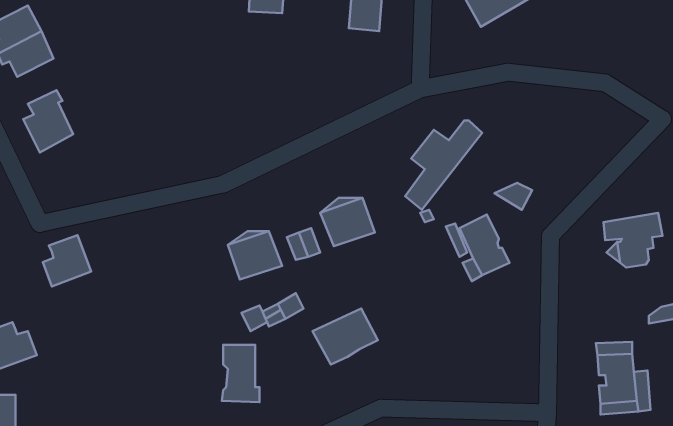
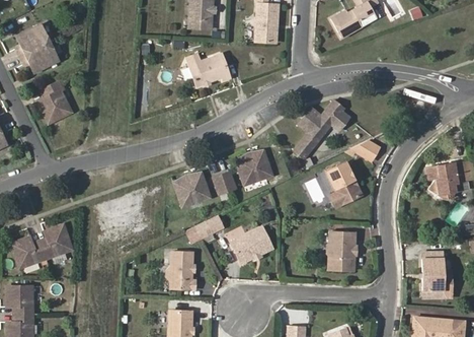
building: none -> [187,52,230,86]
building: [43,235,91,287] -> [41,224,73,259]
building: none -> [328,232,357,272]

